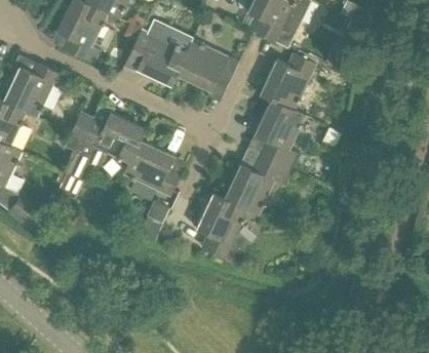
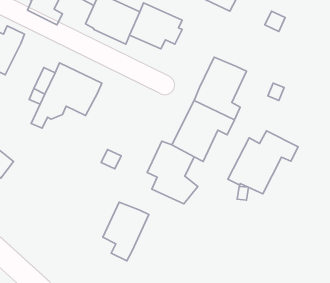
building: [259,52,316,110] -> none
building: [121,140,186,198] -> none
building: none -> [228,131,298,194]
building: none -> [103,202,149,261]

